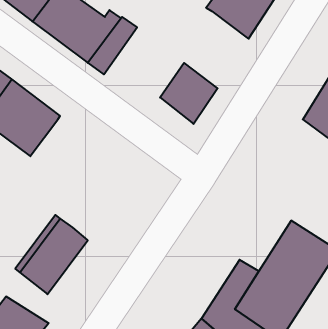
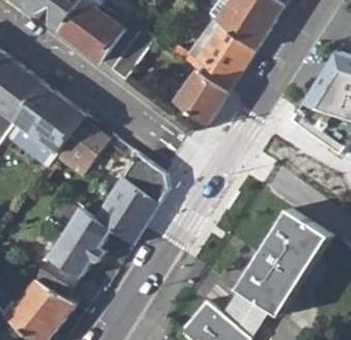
building: none -> [165,23,253,92]
building: none -> [53,120,107,176]
building: none -> [95,155,164,244]

